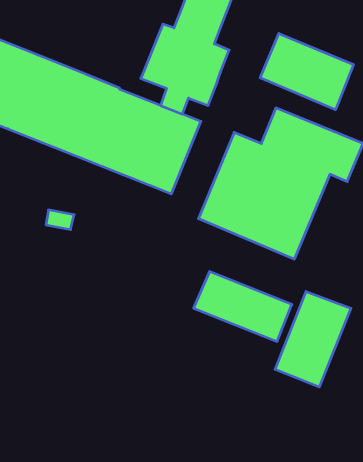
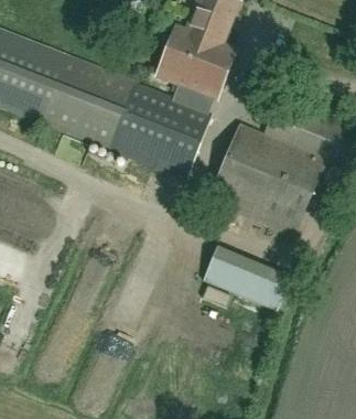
building: [260,33,353,110] -> none
building: [275,291,351,387] -> none

